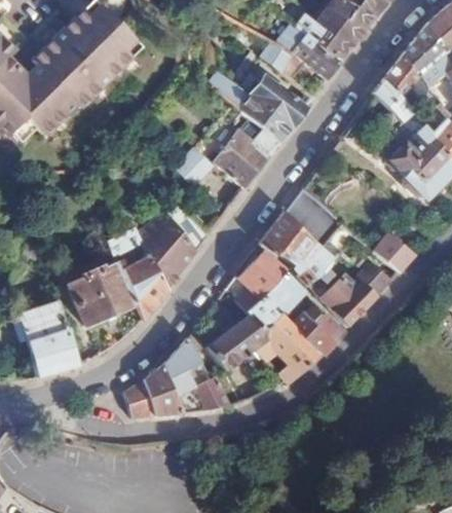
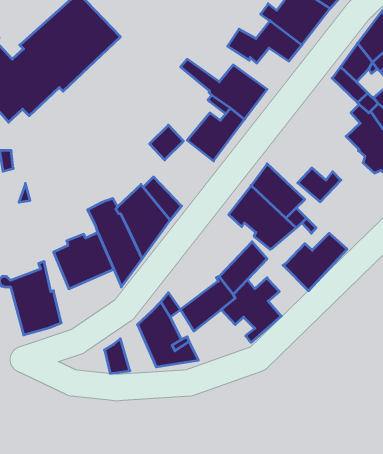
building: [374,234,421,271] -> [298,168,341,202]
building: [236,252,287,312] -> none
building: [304,305,342,354] -> none
building: [143,363,182,413] -> none

